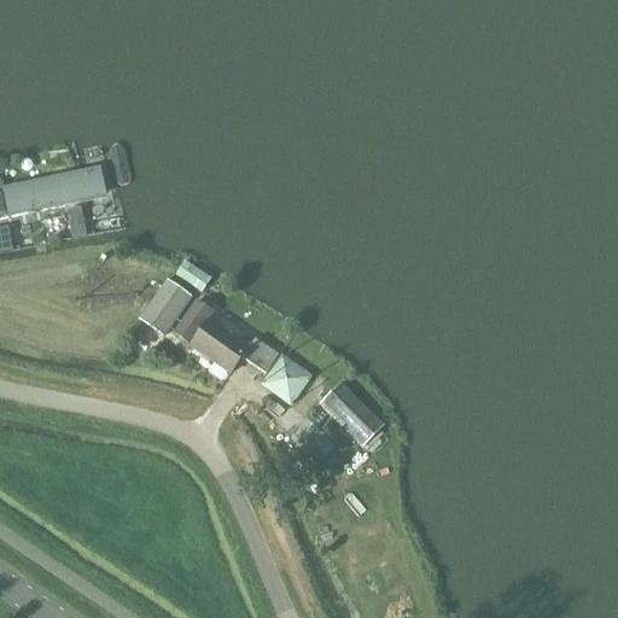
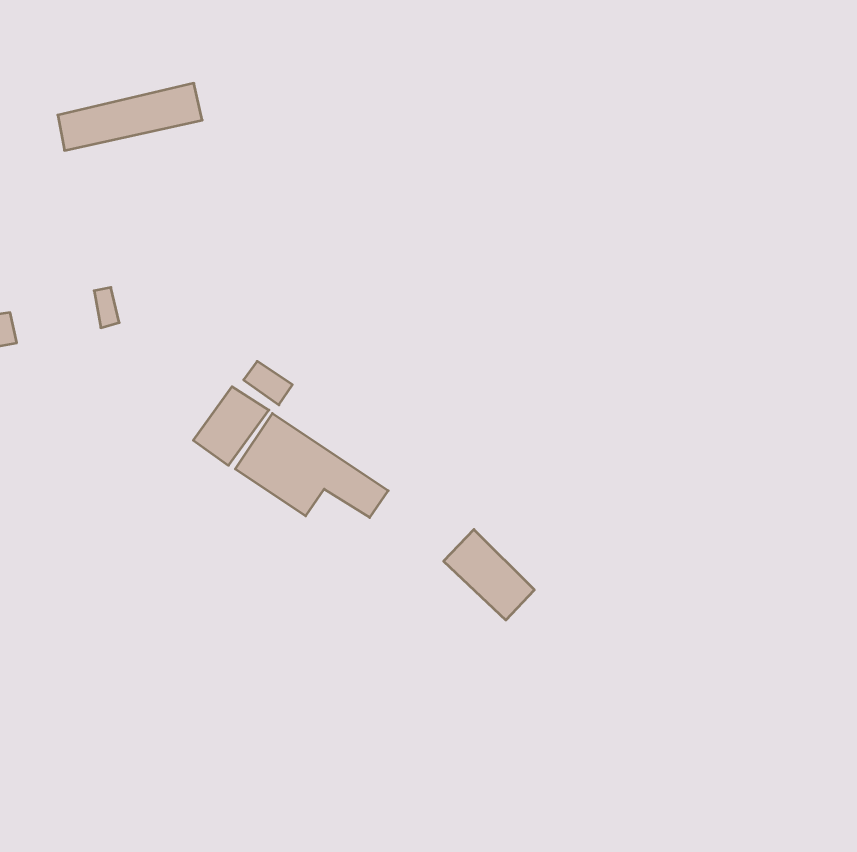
building: [5,167,109,215] -> [58,83,202,150]
building: [261,351,313,402] -> none

